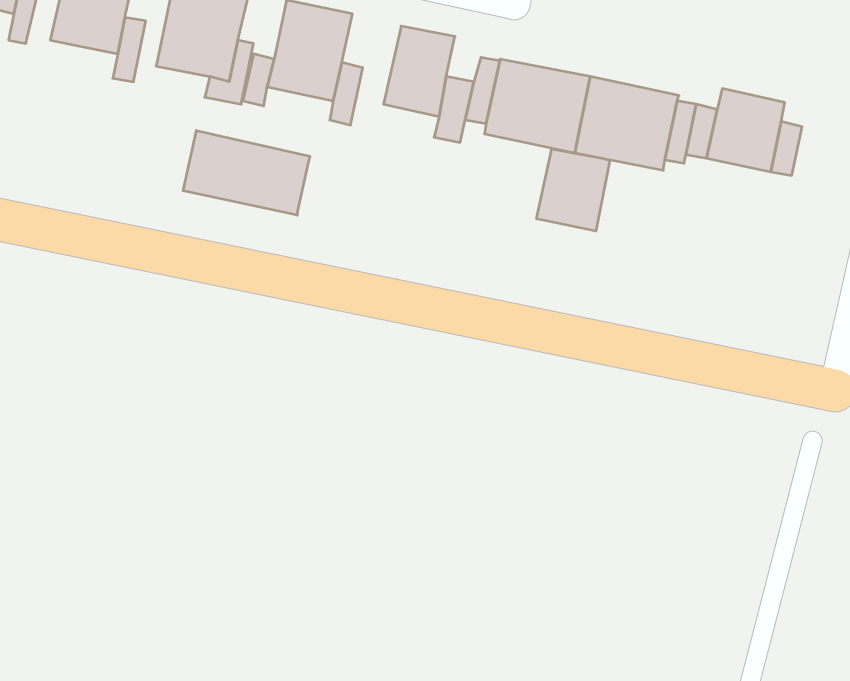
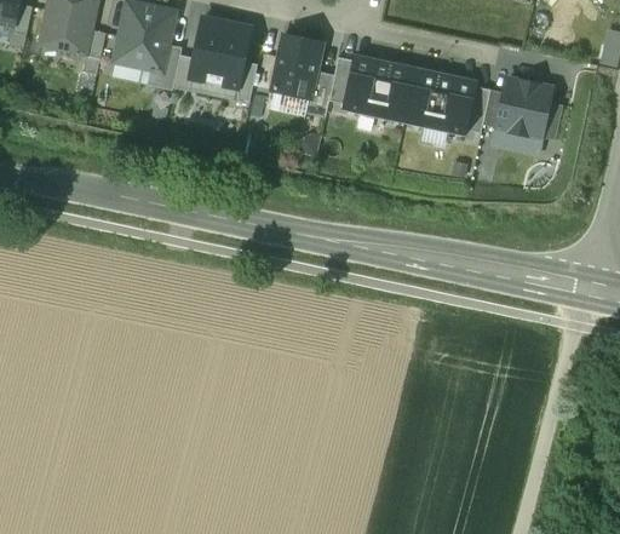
building: [183,130,310,215] -> none
building: [537,149,610,231] -> none

